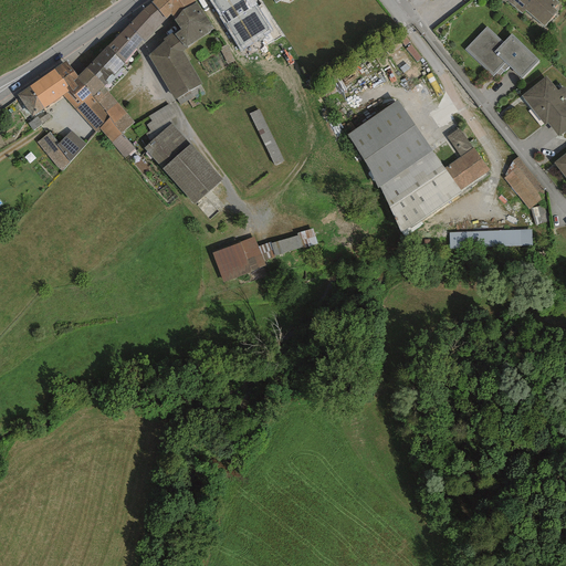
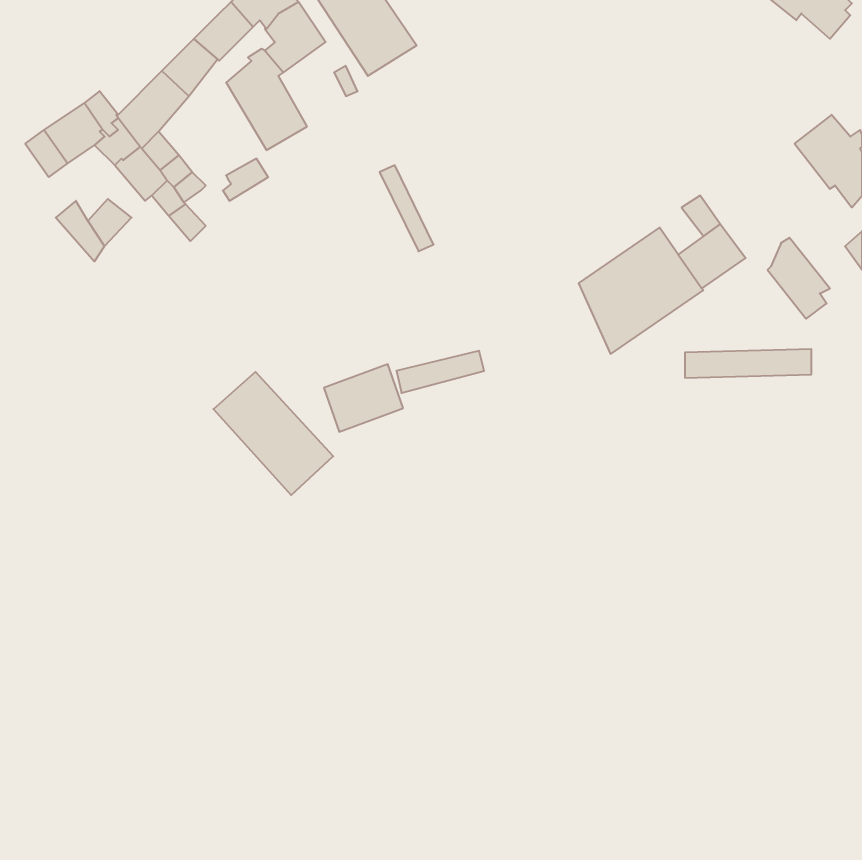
building: [464,25,538,77] -> none
building: [347,99,432,187] -> none
building: [144,124,222,205] -> [213,372,333,495]

